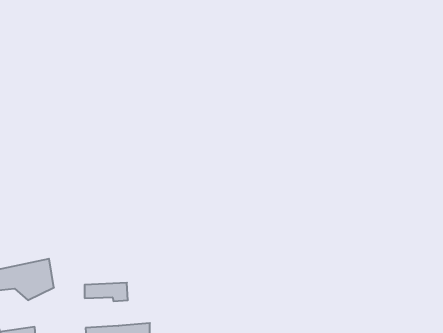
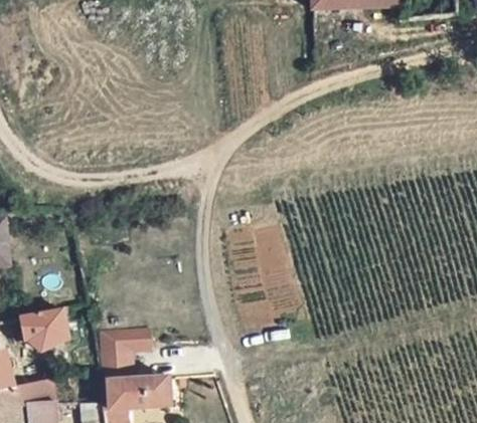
building: none -> [100,346,135,378]

